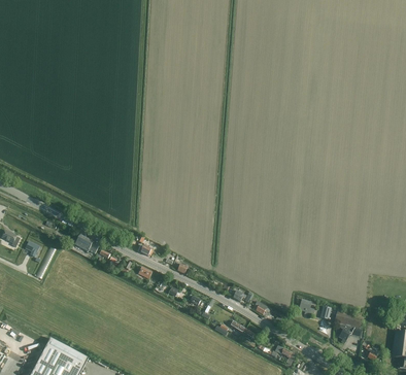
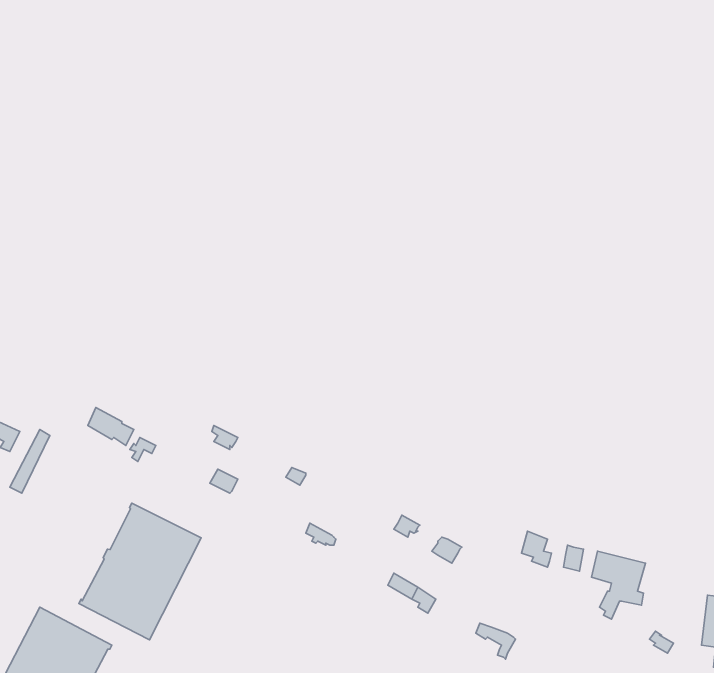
building: none -> [79,503,201,640]

